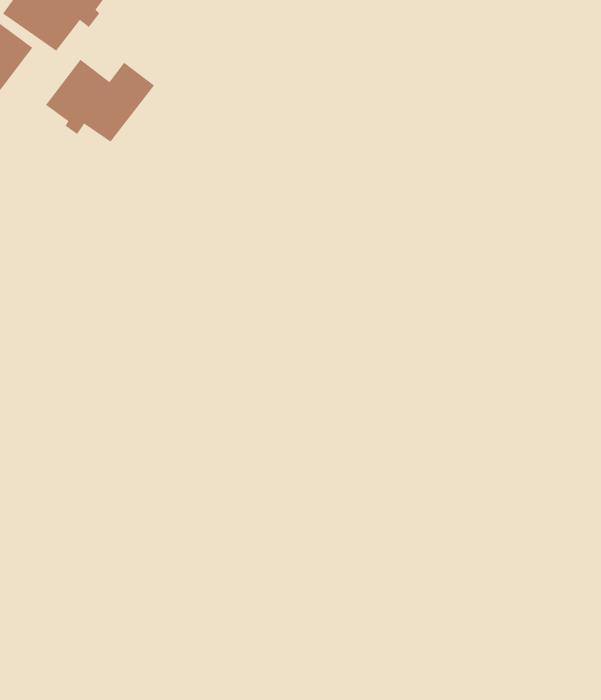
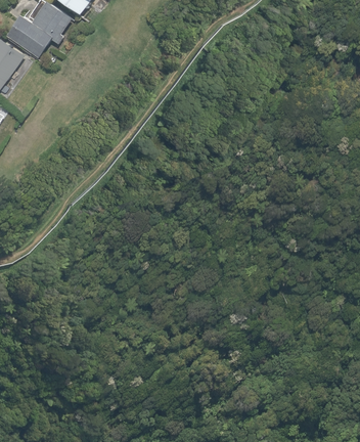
building: [45,59,155,143] -> none

